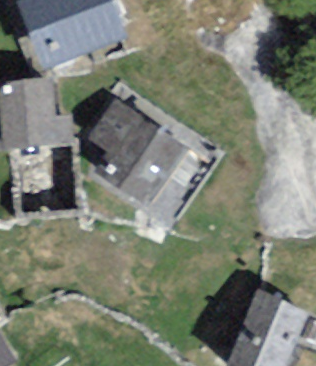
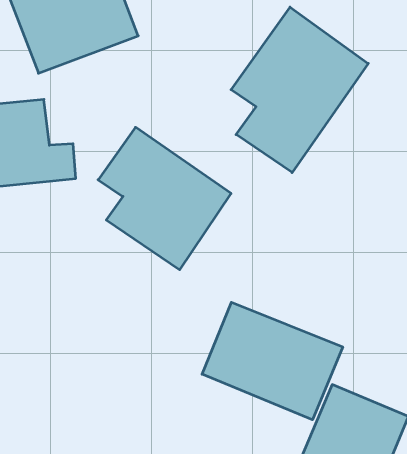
building: none -> [231,7,368,173]
building: none -> [202,302,343,420]

